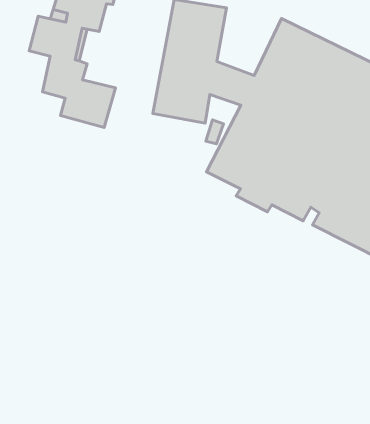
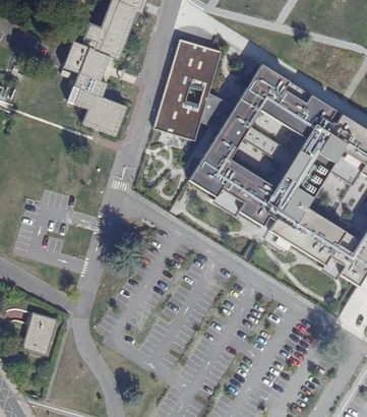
building: none -> [22,310,55,353]

